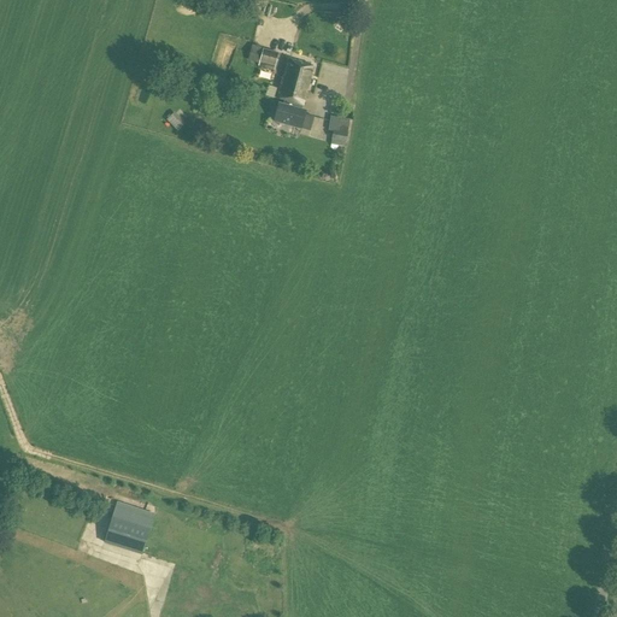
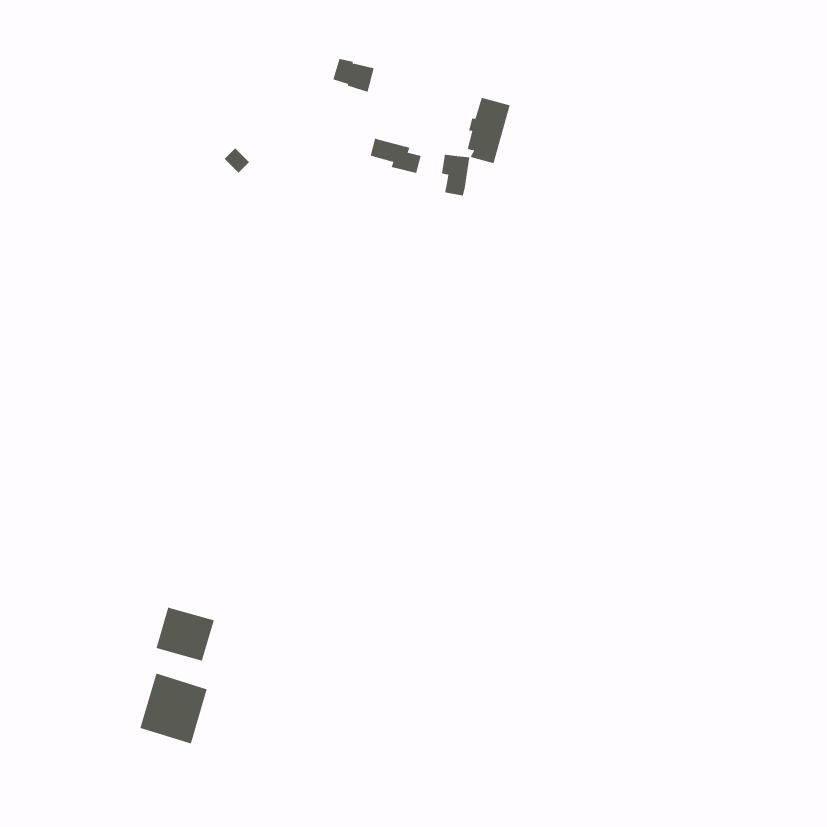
building: [281,59,313,108] -> [467,97,510,164]
building: none -> [156,607,214,661]

